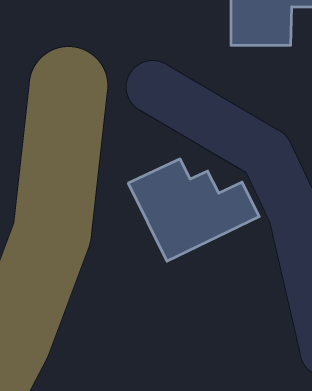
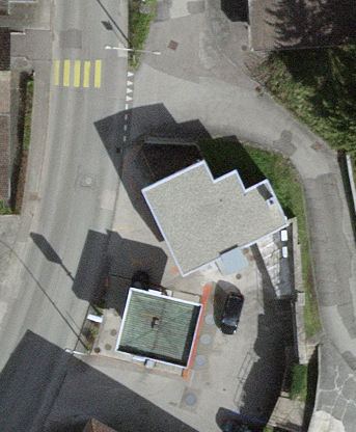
building: none -> [108,274,196,354]

